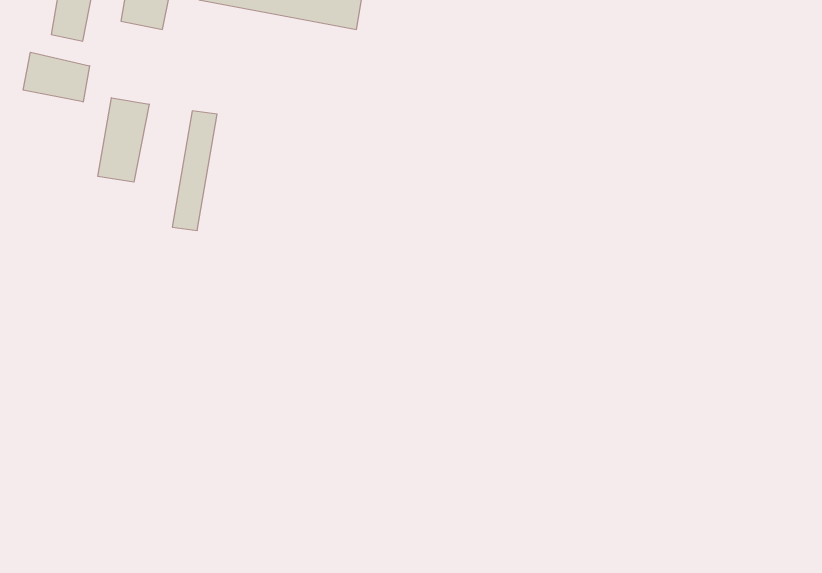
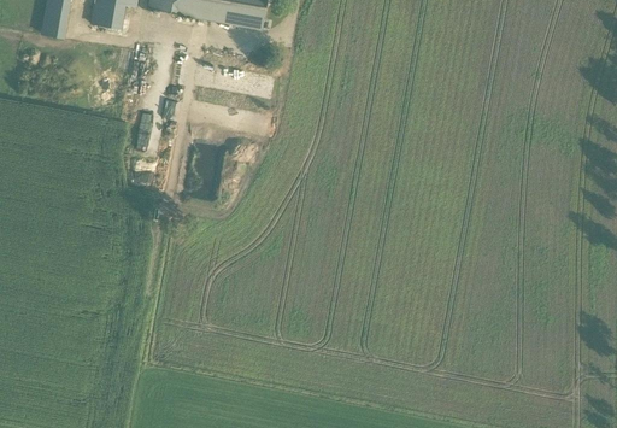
building: [23,52,90,102] -> none
building: [98,98,149,182] -> none

